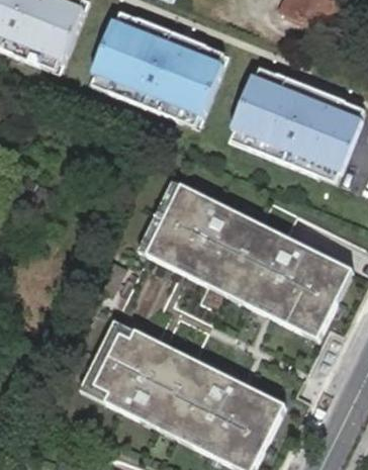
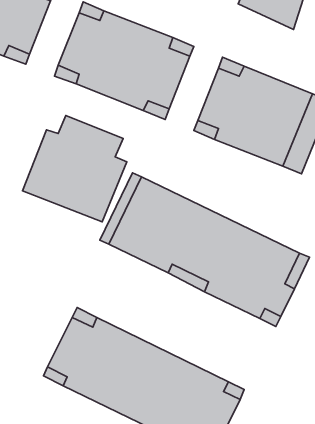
building: none -> [23,116,127,222]

